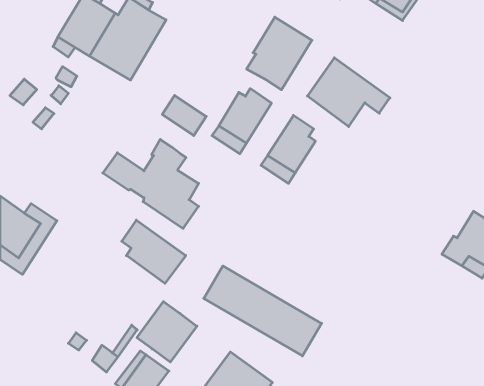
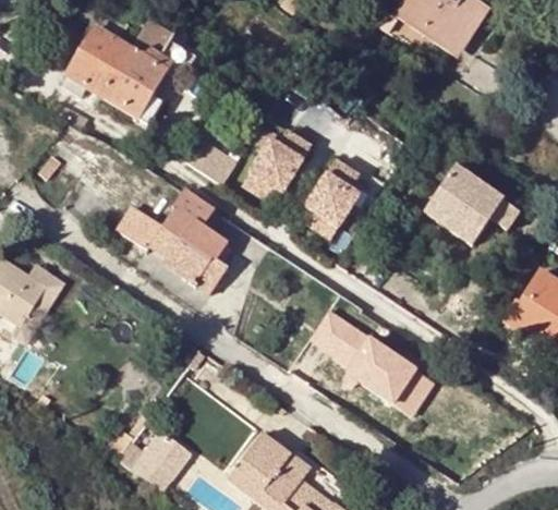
building: [247,17,312,90] -> none
building: [307,58,390,127] -> [426,168,520,246]
building: [122,220,186,283] -> none
building: [204,266,322,356] -> [303,311,437,413]
building: [137,302,197,362] -> none

